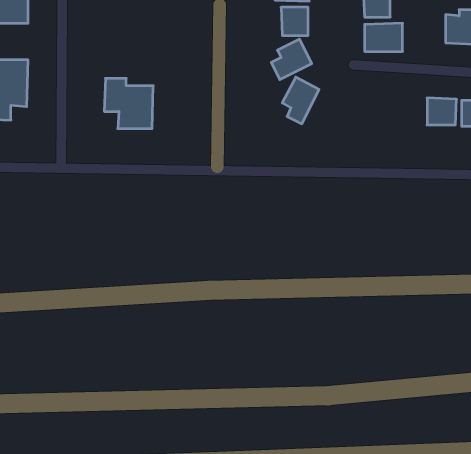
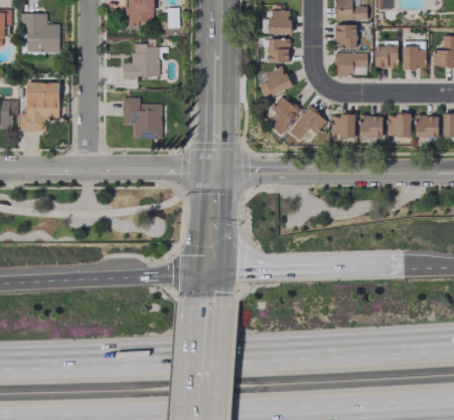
building: none -> [122,45,160,77]
building: none -> [373,45,398,68]
building: none -> [289,107,327,139]
building: none -> [332,116,354,137]
building: none -> [358,116,383,137]

